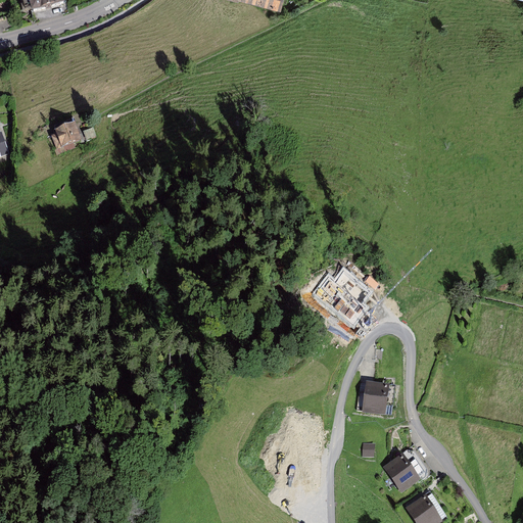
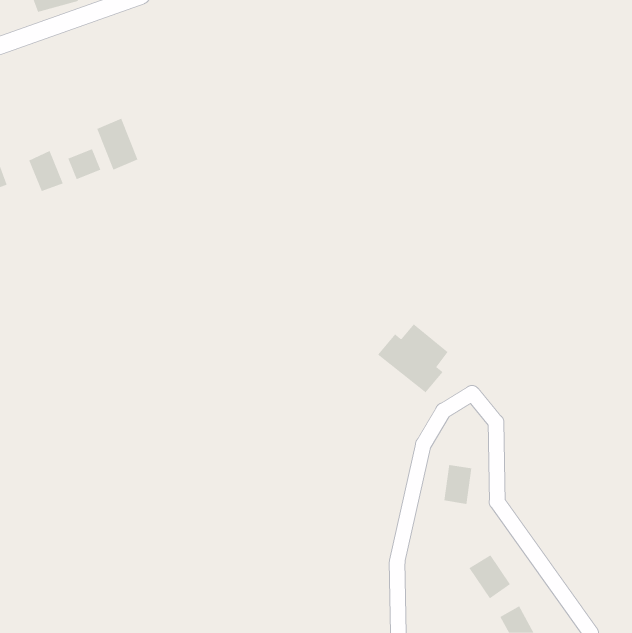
building: none -> [97,118,138,170]
building: none -> [29,150,63,192]

